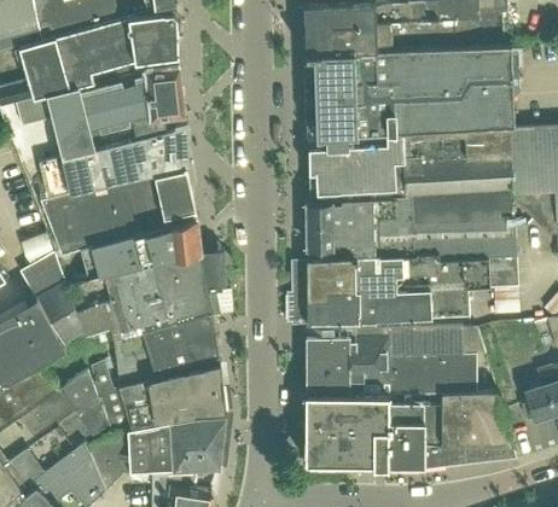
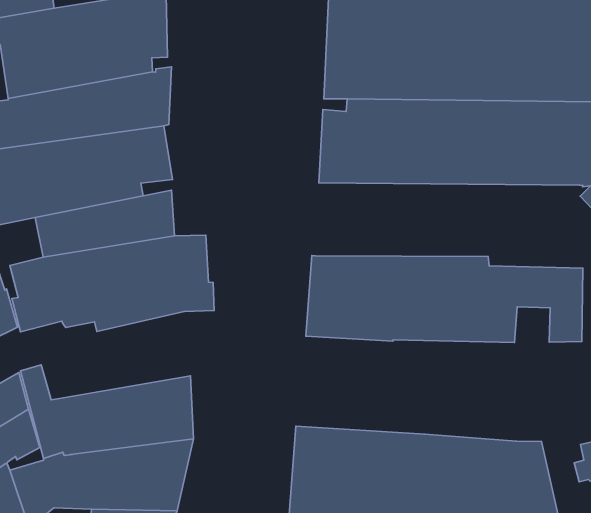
building: [308,192,517,262] -> none
building: [114,313,220,387] -> none
building: [303,327,484,395] -> none

